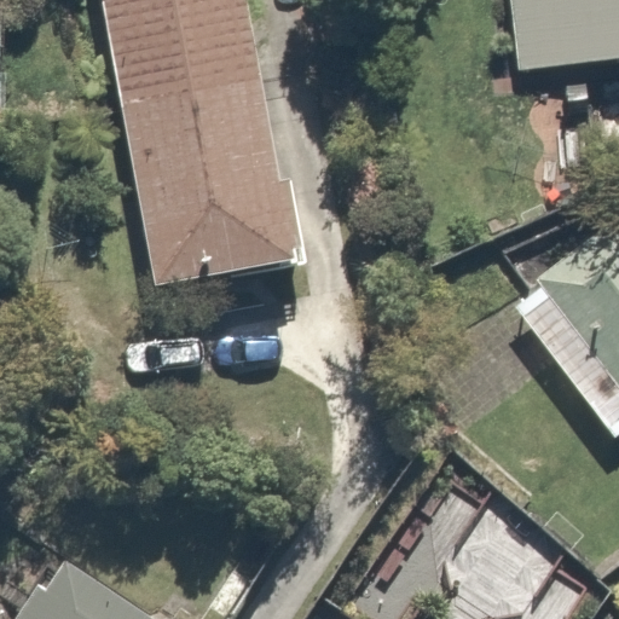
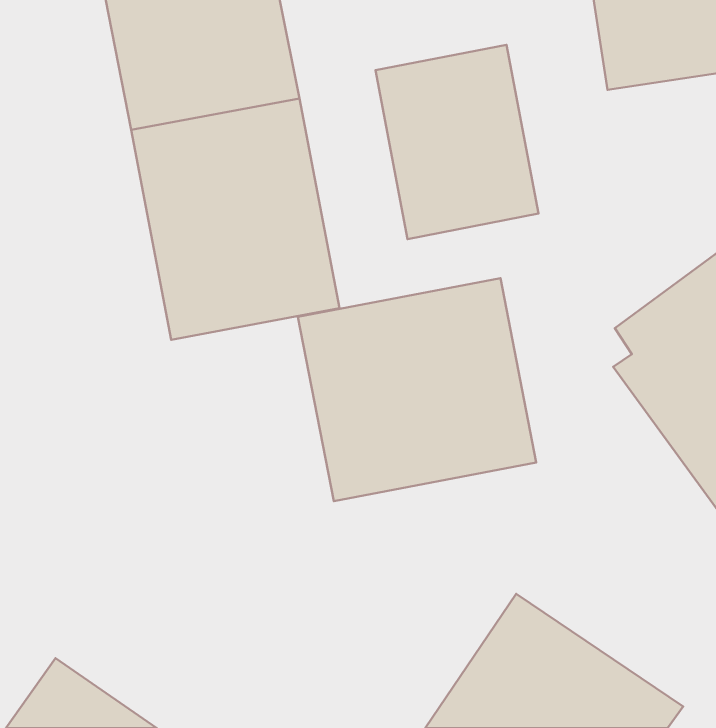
building: none -> [376,45,539,239]
building: none -> [298,278,536,501]

